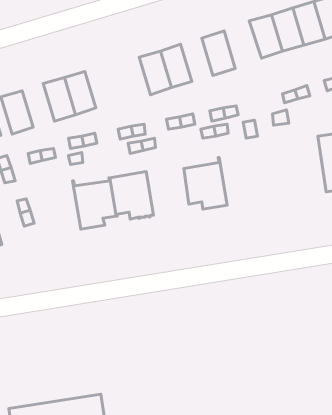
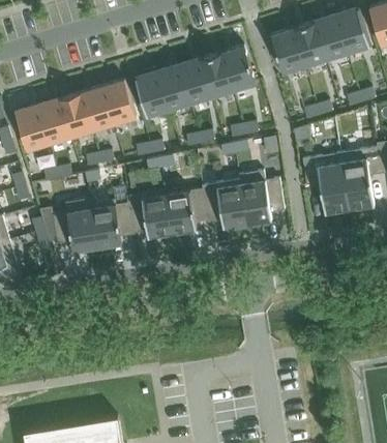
building: none -> [200,53,233,97]
building: none -> [135,72,169,117]
building: none -> [101,80,136,124]
building: none -> [37,99,70,144]
building: none -> [302,153,349,214]
building: none -> [239,172,285,224]
building: none -> [165,186,208,234]
building: none -> [53,199,97,252]

